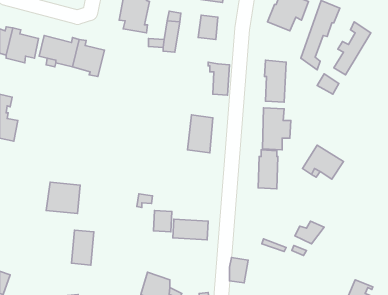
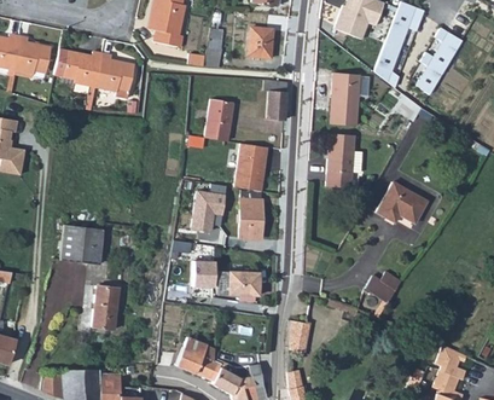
building: none -> [208,103,233,141]
building: none -> [192,185,228,234]
building: [258,150,278,189] -> [239,191,263,239]

